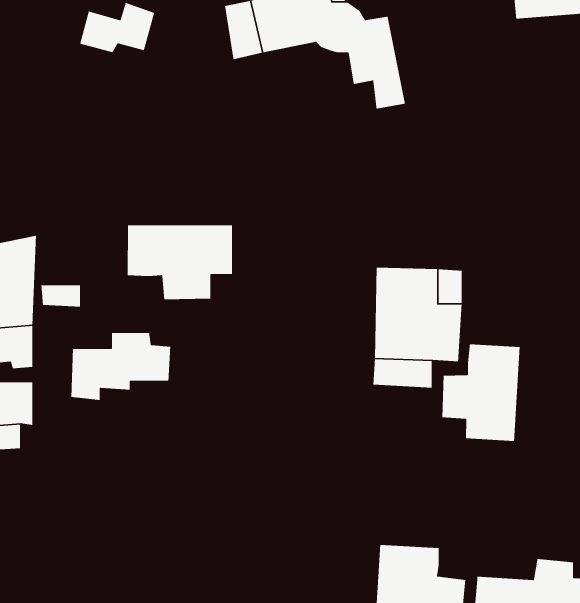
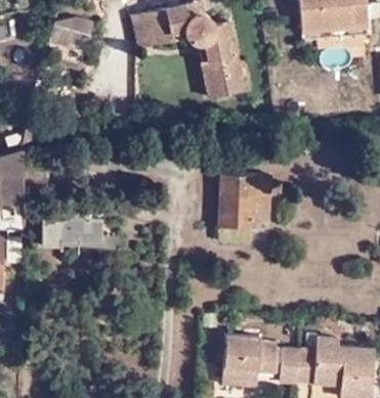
building: none -> [199,47,243,101]
building: [127,225,233,300] -> none
building: [441,343,520,442] -> none

